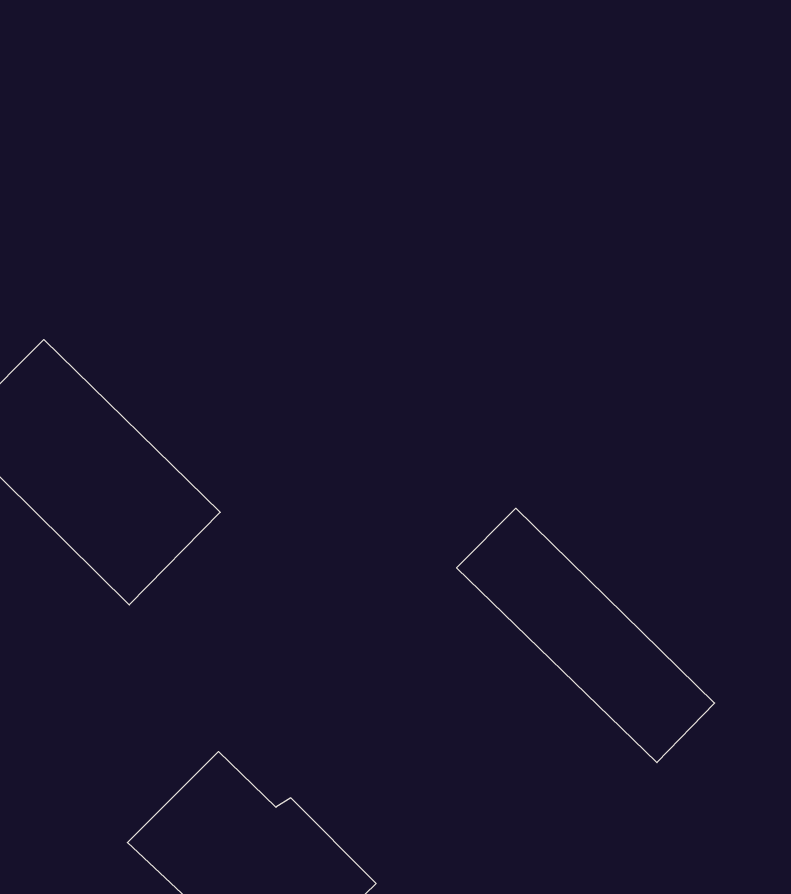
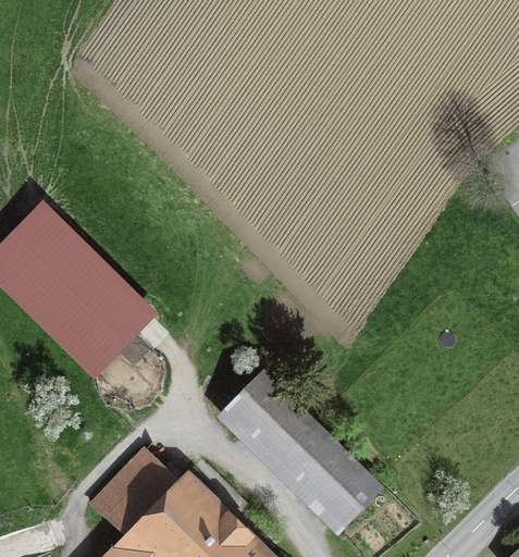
building: [457,508,715,763] -> [227,373,379,522]

